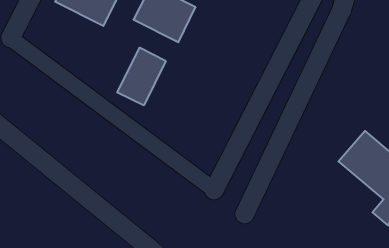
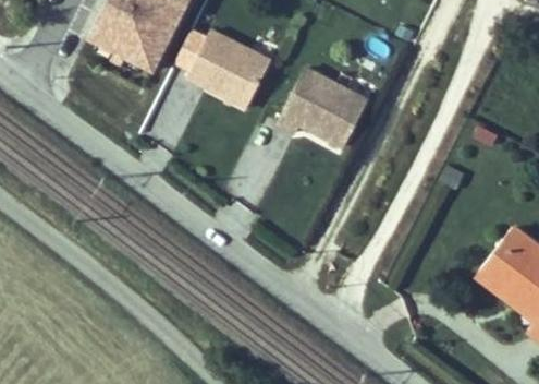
building: none -> [280,61,370,139]
building: [117,48,166,105] -> none

